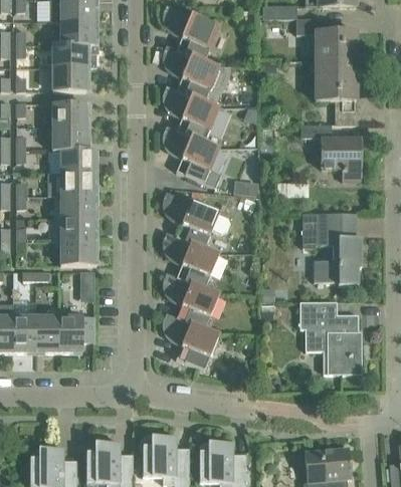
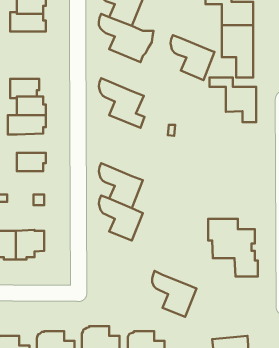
building: [52,67,88,91] -> none
building: [163,85,218,142] -> [170,35,215,80]
building: [52,102,88,127] -> none
building: [163,192,230,248] -> none
building: [60,195,96,219] -> none
building: [302,213,361,284] -> none
building: [60,242,96,265] -> none
building: [163,312,218,370] -> [152,271,196,317]

